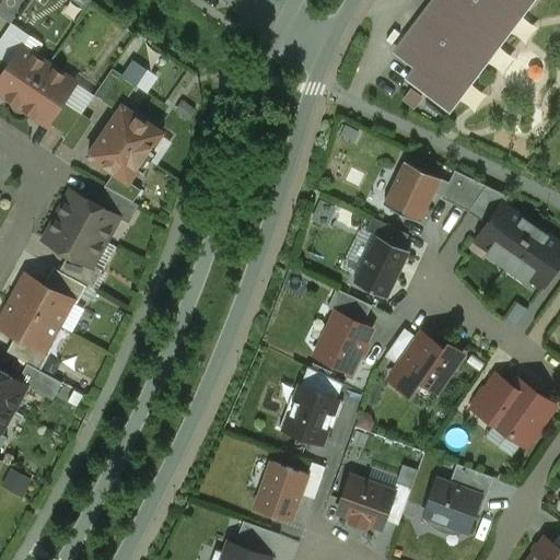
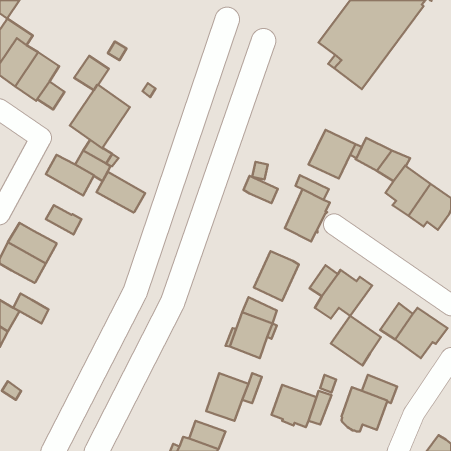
building: [43,217,103,267] -> [96,172,145,213]
building: [42,269,85,306] -> none
building: [327,290,370,324] -> [243,176,278,203]
building: [4,336,49,372] -> none
building: none -> [331,316,381,365]

